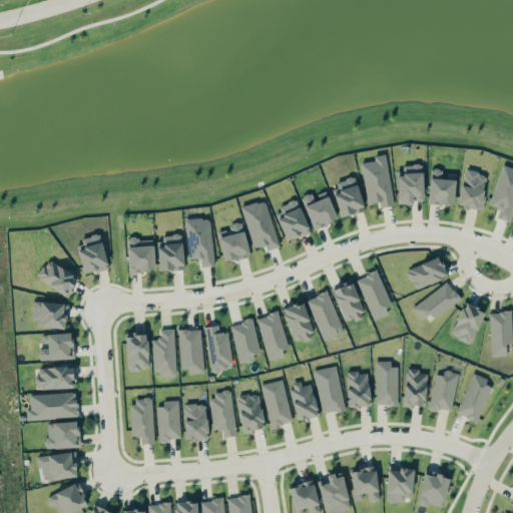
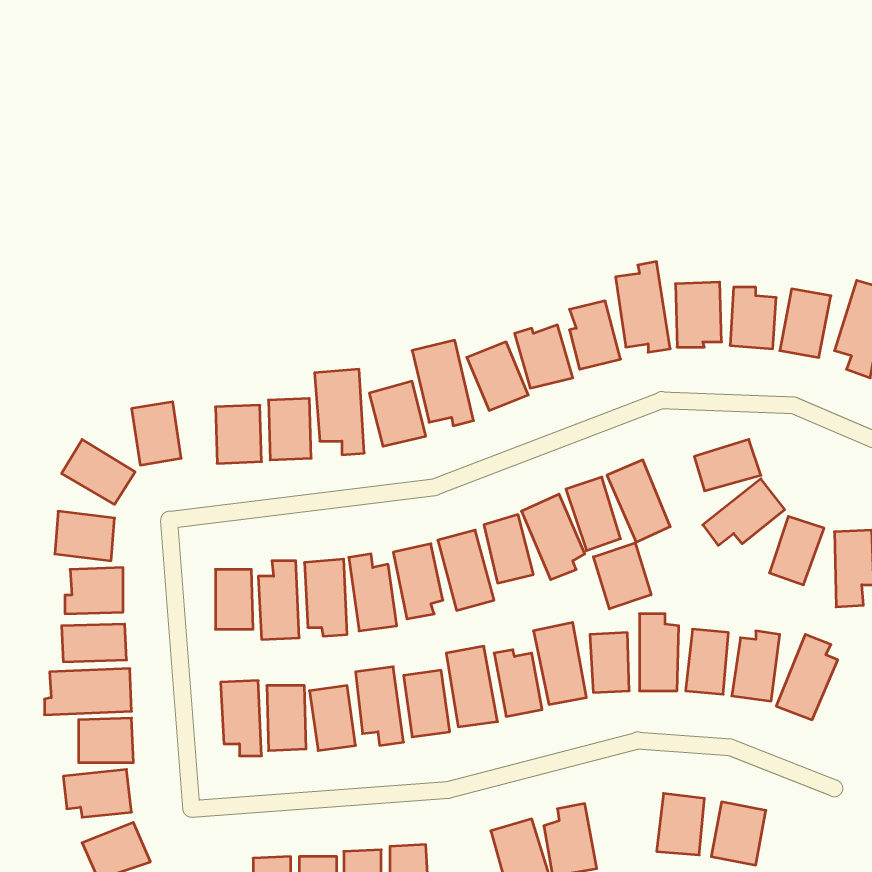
building: none -> [593,543,651,609]
building: [351,467,381,503] -> none

